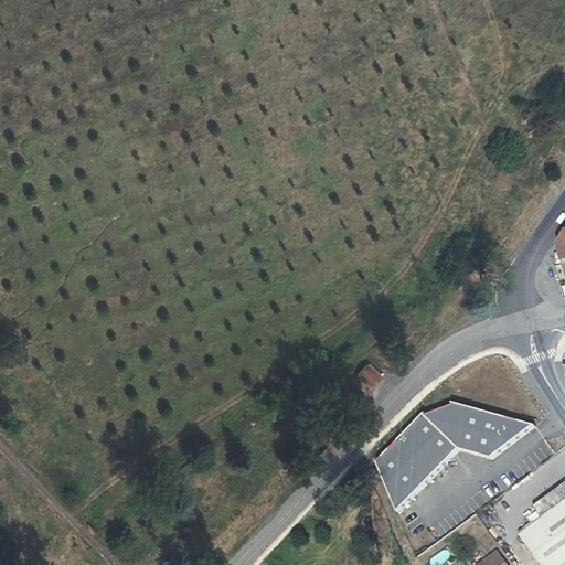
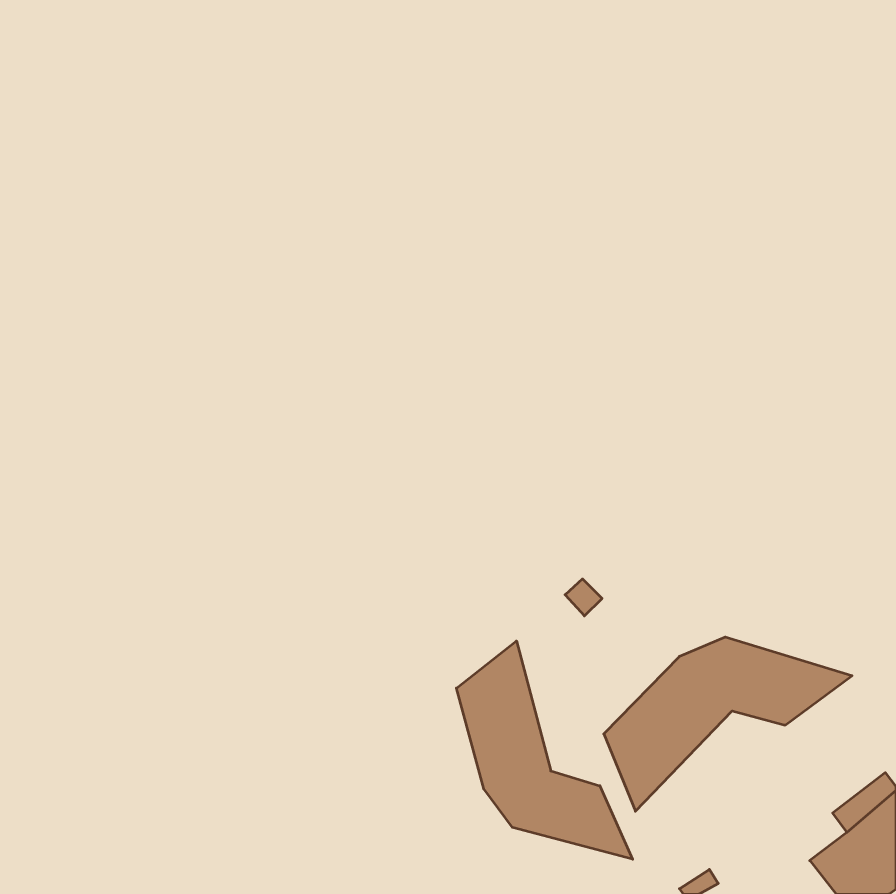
building: none -> [456,641,633,859]

